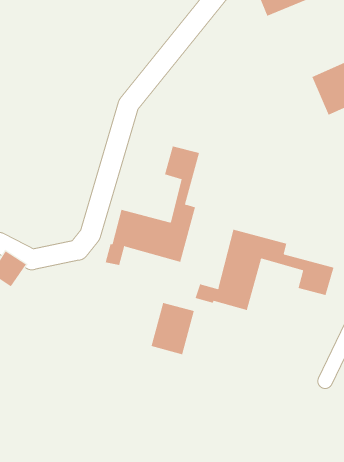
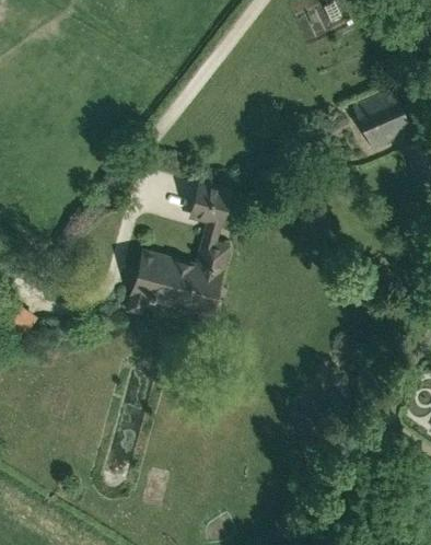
building: [195,229,334,311] -> none
building: [151,302,195,355] -> none

